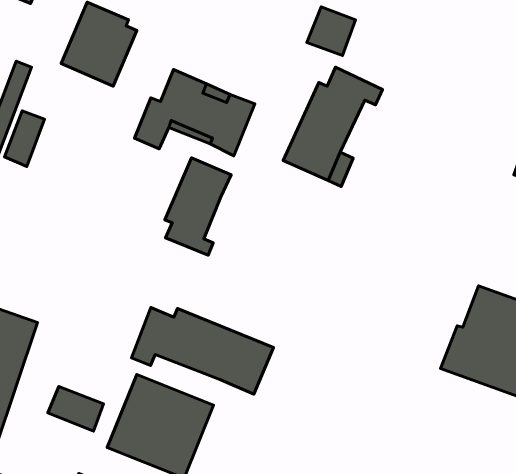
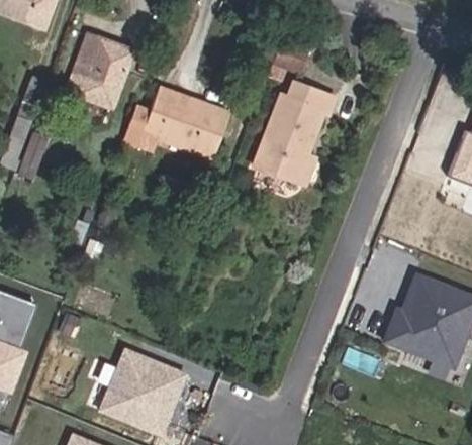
building: [165,158,231,255] -> none
building: [131,307,273,394] -> none
building: [48,386,103,431] -> none

